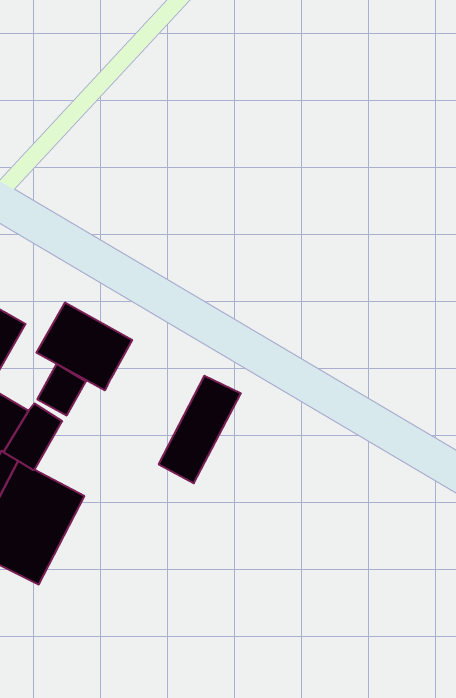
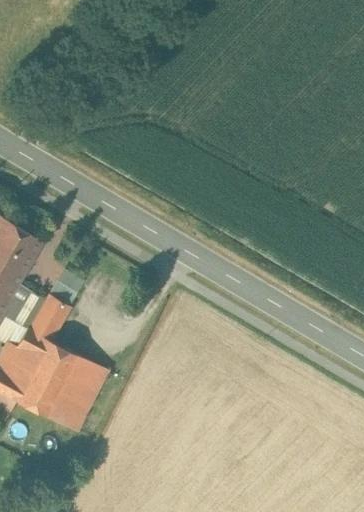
building: [36,302,132,390] -> none
building: [159,376,241,483] -> [54,358,110,431]

